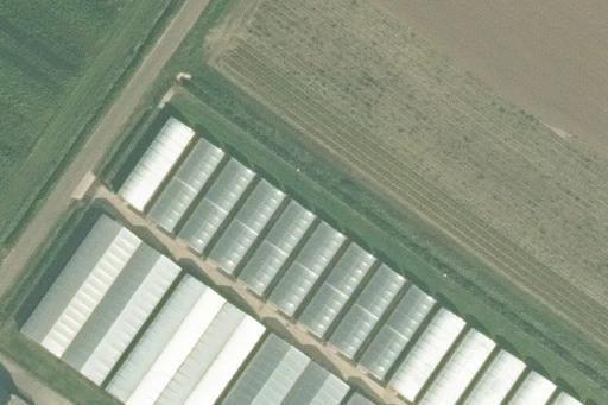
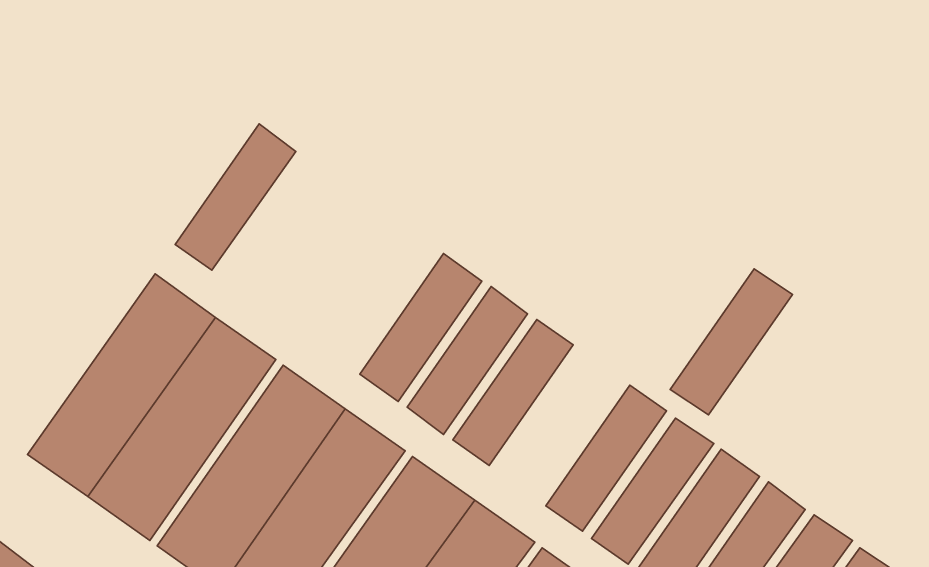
building: [146,137,226,232] -> none
building: [177,158,255,253] -> none
building: [207,179,285,274] -> none
building: [327,264,406,359] -> [670,269,793,415]

